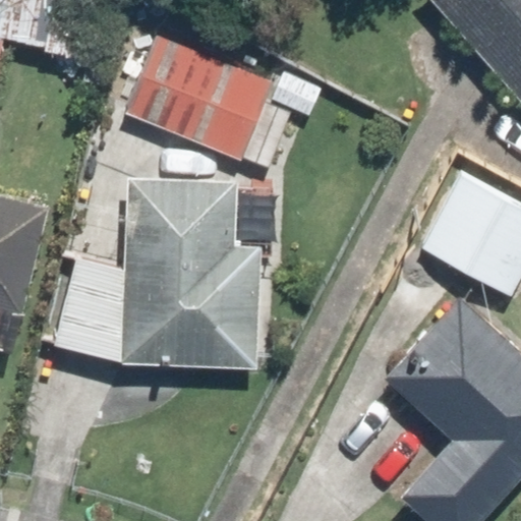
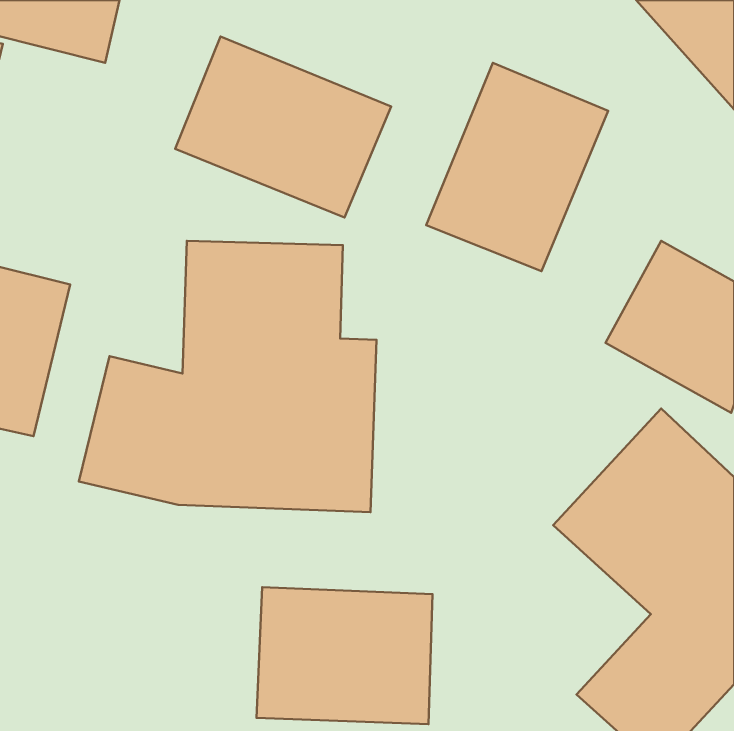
building: none -> [426,63,608,271]
building: none -> [257,587,432,724]

